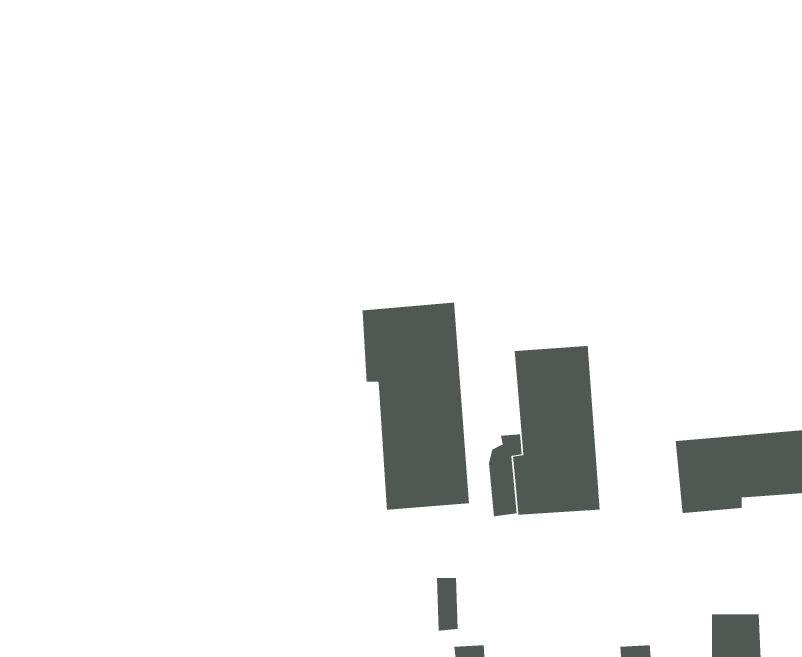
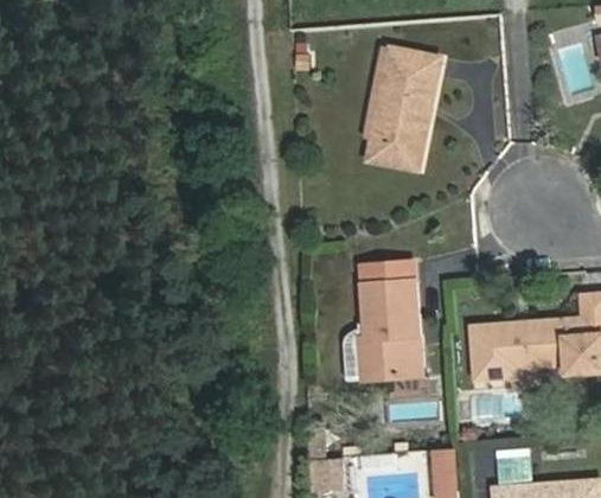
building: none -> [369,50,439,167]
building: [362,302,469,510] -> none

